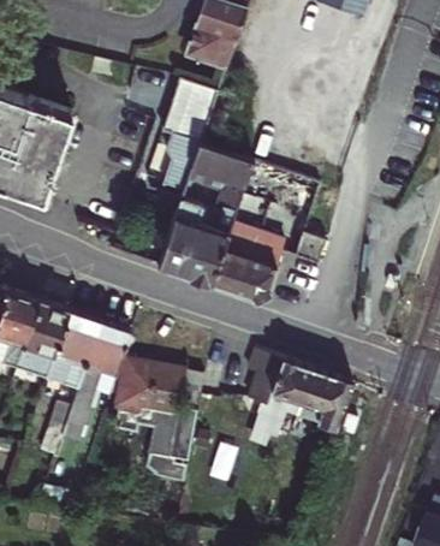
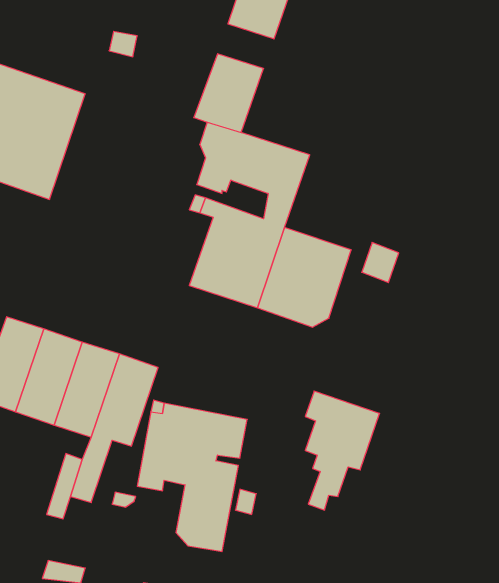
building: [293,369,350,428] -> none

